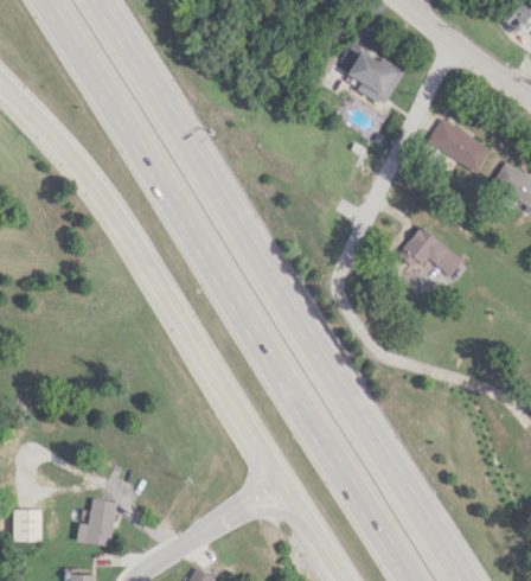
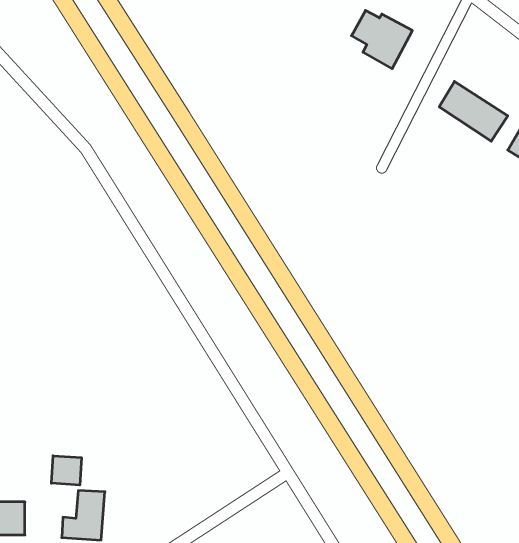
building: [397,226,463,276] -> none
building: none -> [51,456,81,485]

